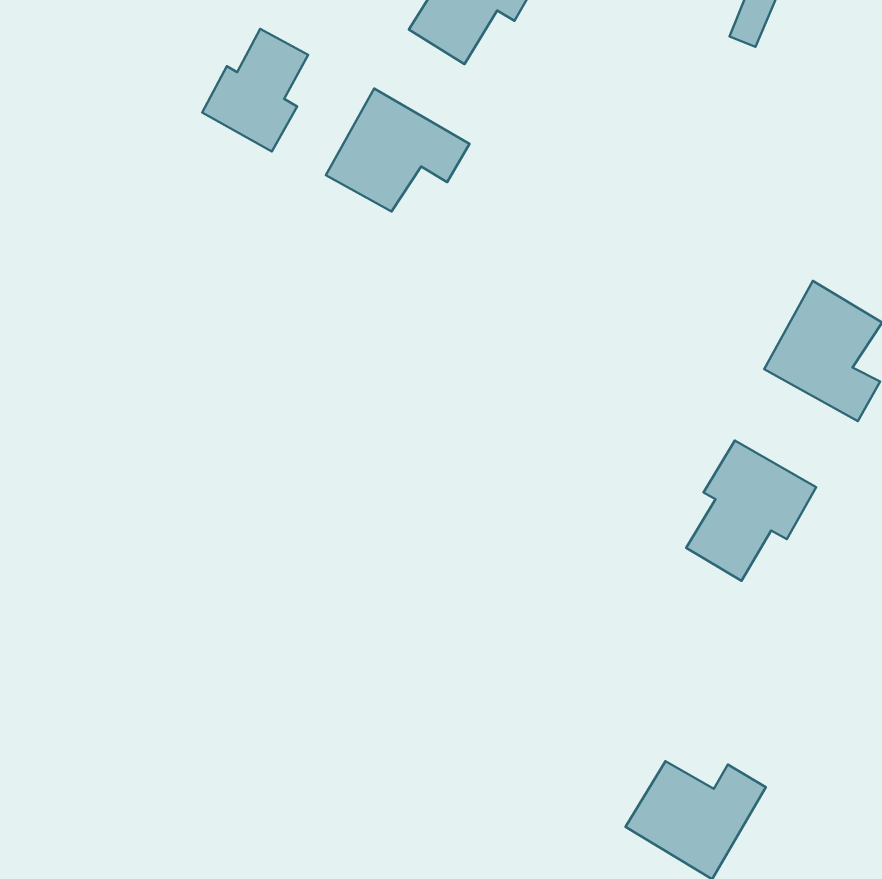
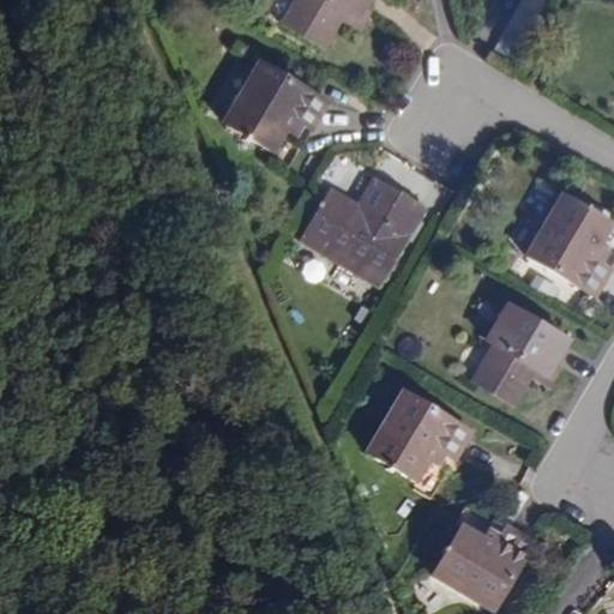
building: [202,29,308,151] -> none
building: none -> [302,176,421,283]
building: none -> [368,392,466,478]

